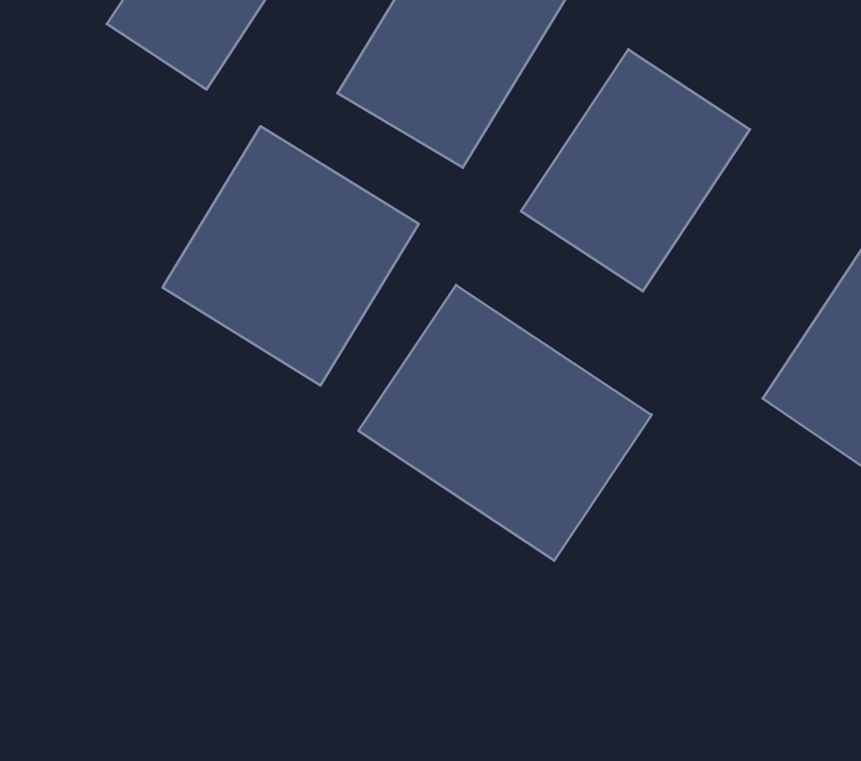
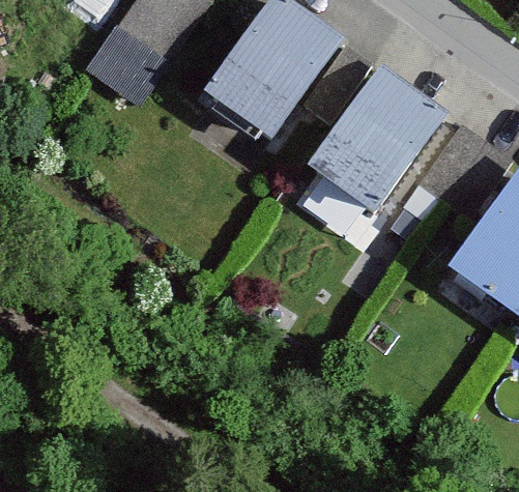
building: [163,126,419,385] -> none
building: [359,285,652,561] -> none

